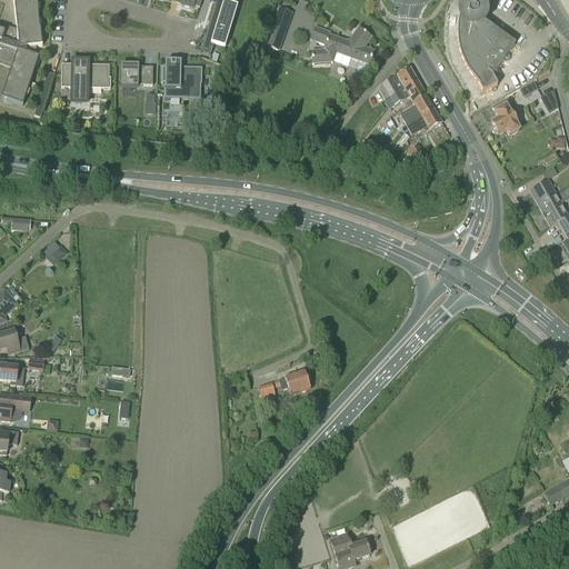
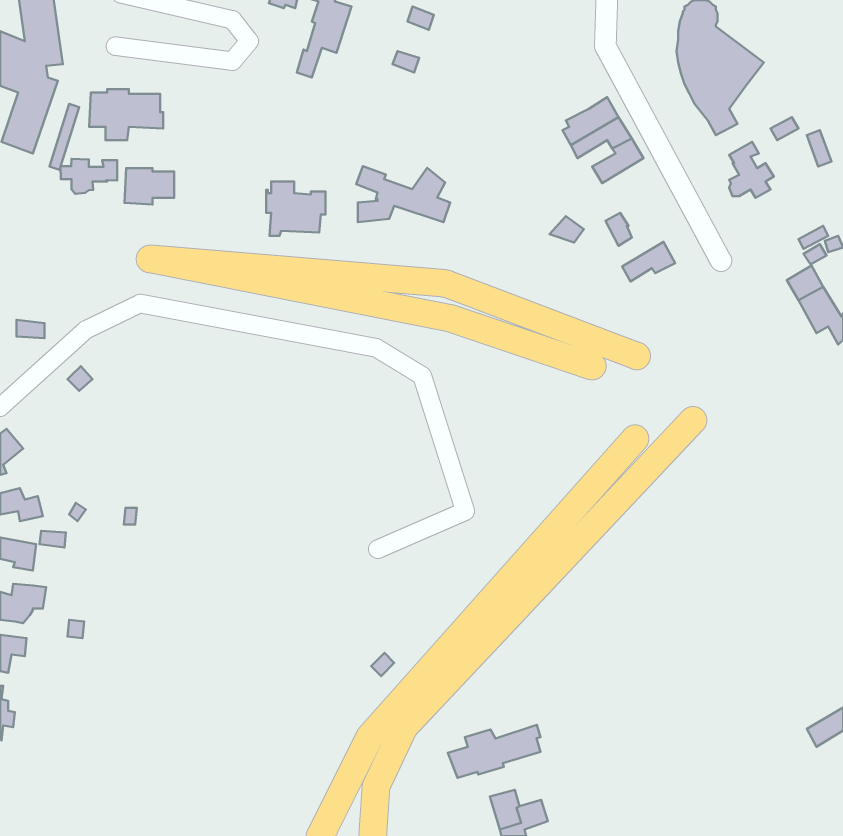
building: [310,24,373,62] -> [356,166,450,222]
building: [161,59,201,96] -> [266,181,326,236]
building: [119,62,152,87] -> [125,168,174,205]
building: [406,107,441,133] -> [622,242,675,281]
building: none -> [61,159,117,194]
building: [258,370,309,400] -> none
building: none -> [448,725,540,778]

